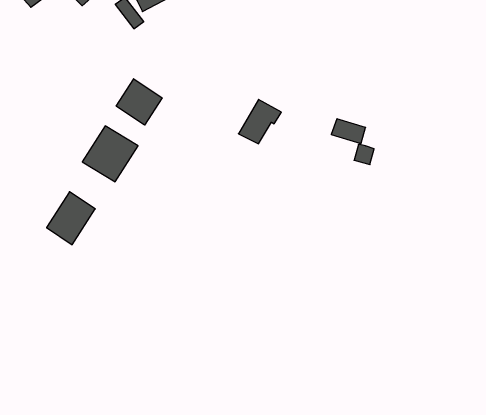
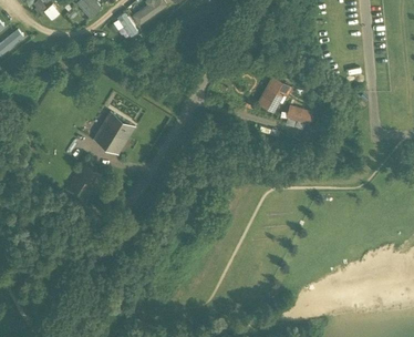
building: [116,79,162,125] -> none
building: [238,99,281,144] -> [256,78,289,112]

